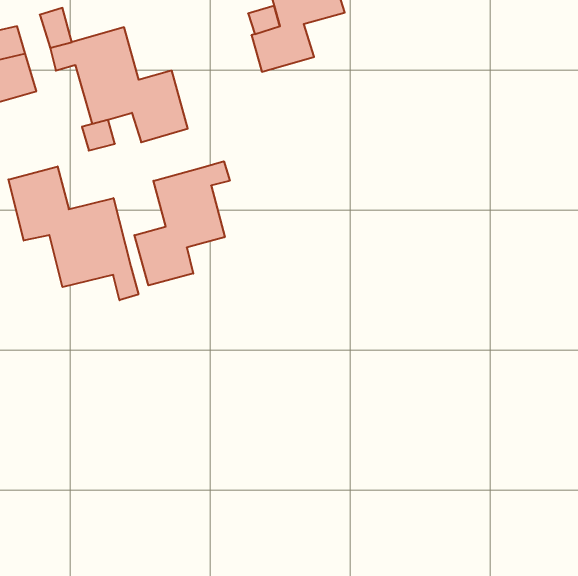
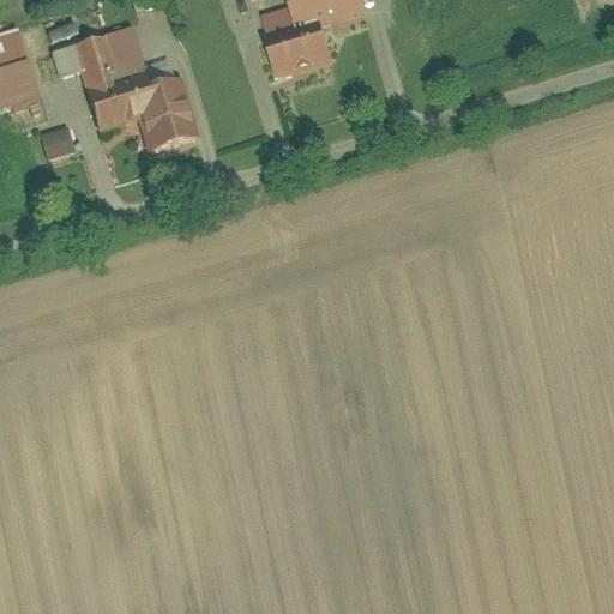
building: [82,120,115,151] -> [41,125,76,157]
building: [134,161,230,285] -> none
building: [8,166,138,300] -> none

